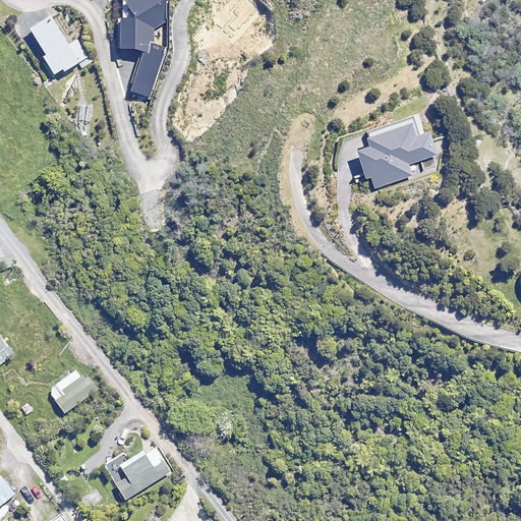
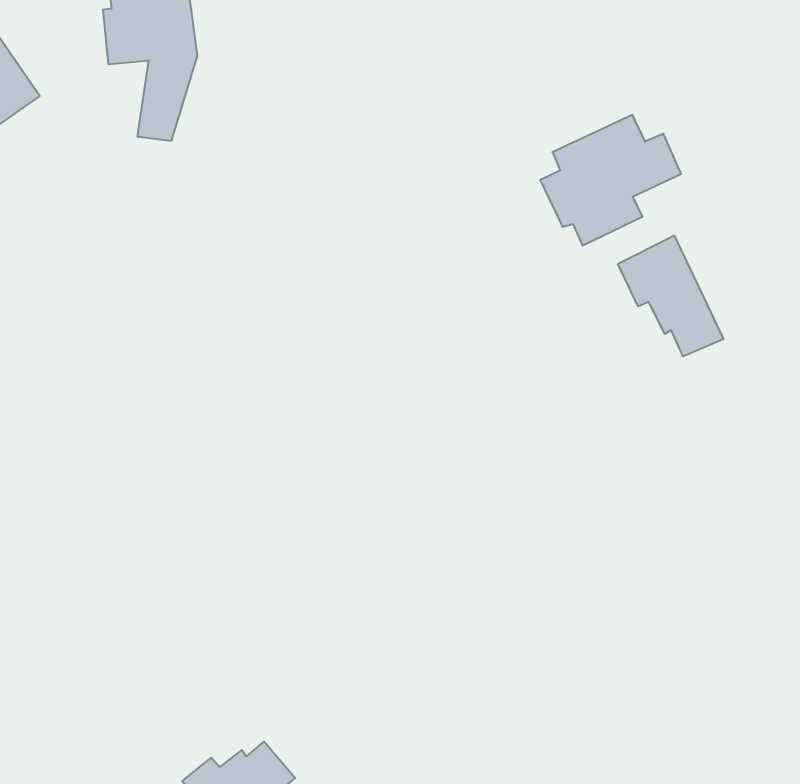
building: none -> [618,235,723,357]
building: [47,370,97,413] -> none

